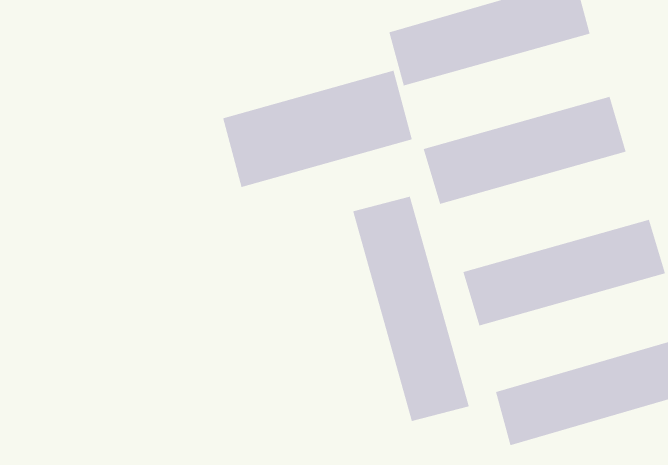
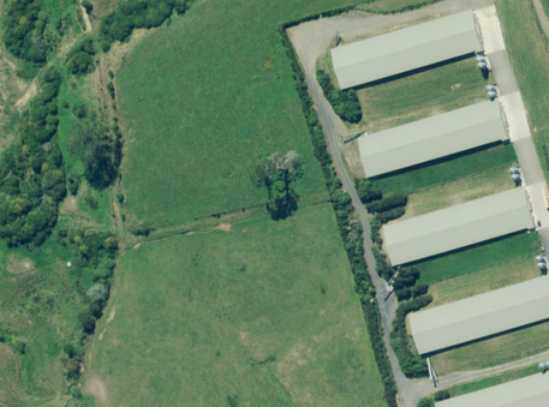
building: [223,70,412,188] -> none
building: [352,196,469,422] -> none

